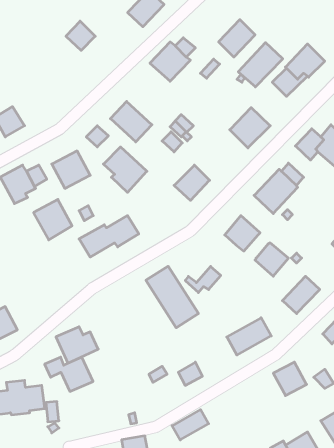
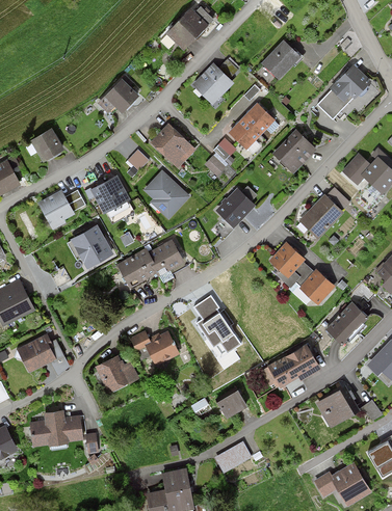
building: [66,21,95,50] -> [106,81,136,111]
building: [238,43,283,87] -> [229,103,275,149]
building: [185,266,221,293] -> [277,262,313,289]
building: [45,357,93,391] -> [129,330,179,366]

